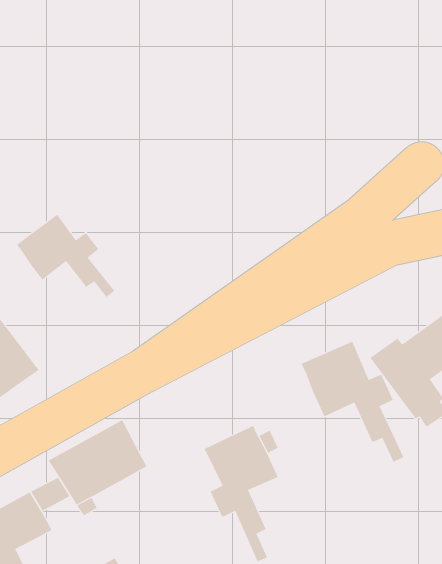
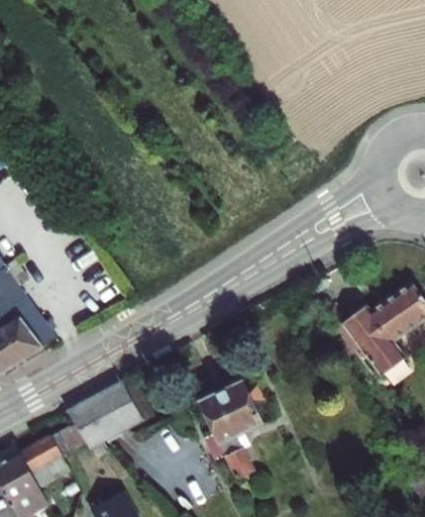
building: [16,214,115,298] -> none
building: [301,341,404,463] -> none

